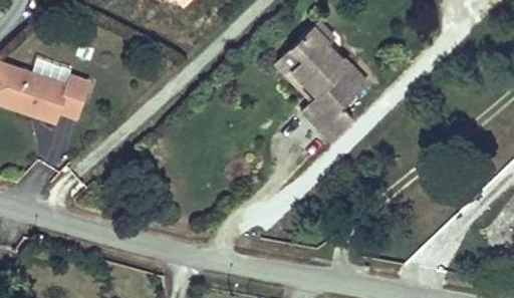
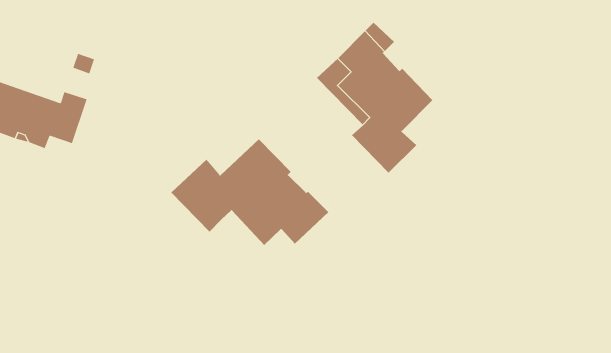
building: none -> [171,138,329,246]

